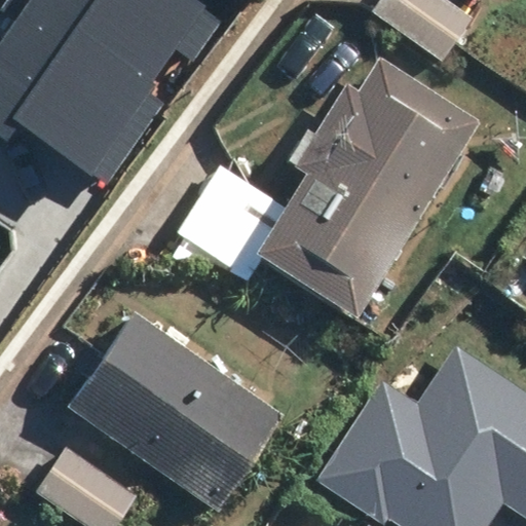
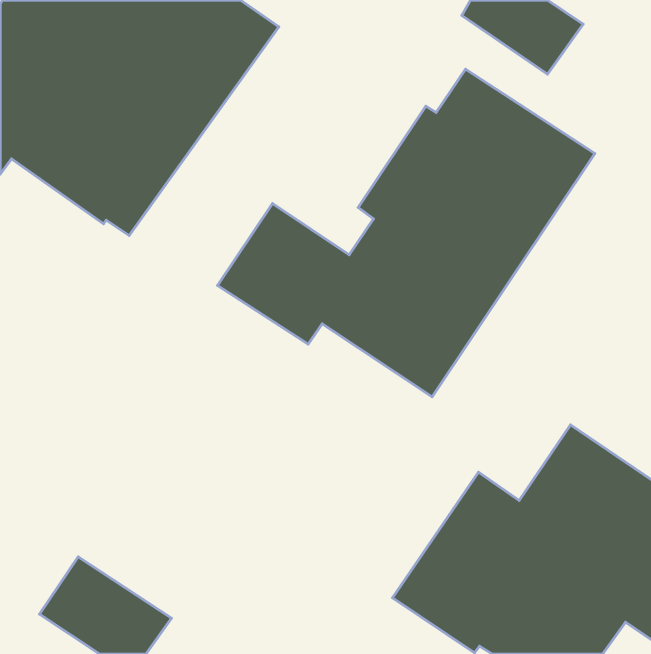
building: [69,312,284,511] -> none

